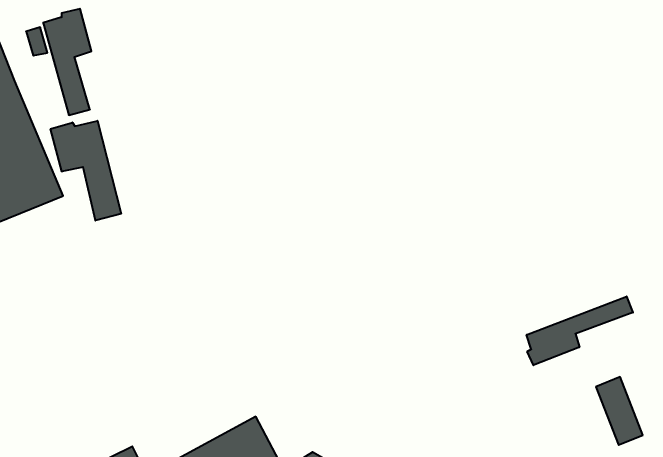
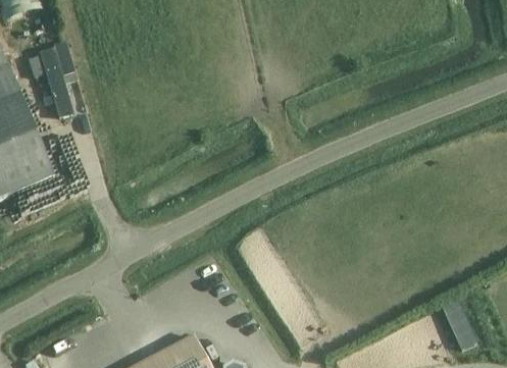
building: [51,121,121,221] -> none
building: [527,296,633,365] -> none

